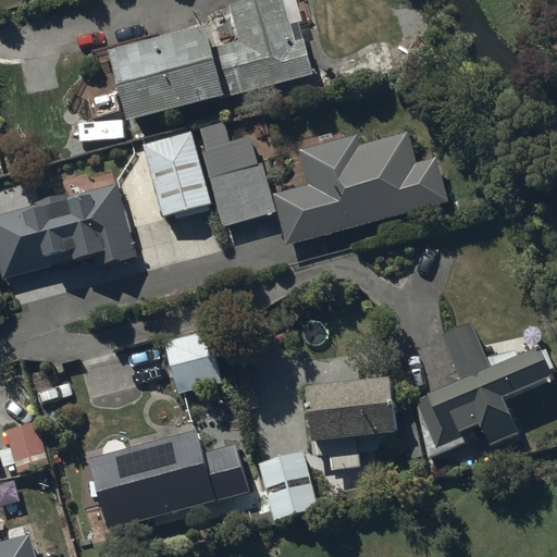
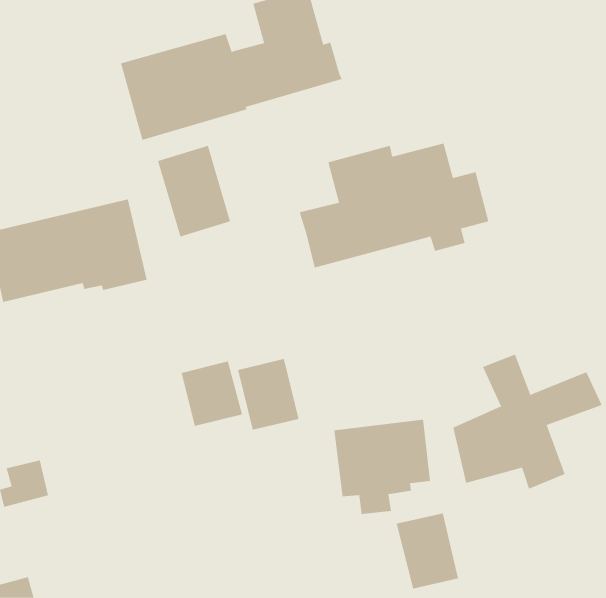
building: [200,121,278,225] -> none
building: none -> [237,358,299,431]
building: [87,428,246,528] -> none
building: [258,450,315,520] -> [396,513,459,589]

